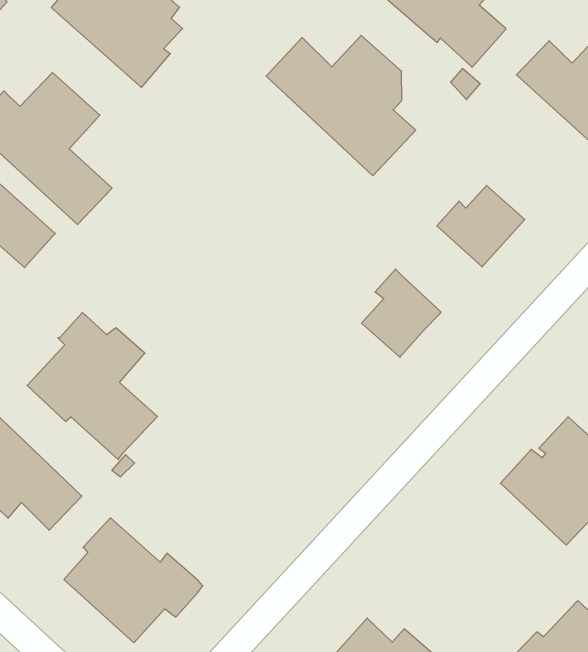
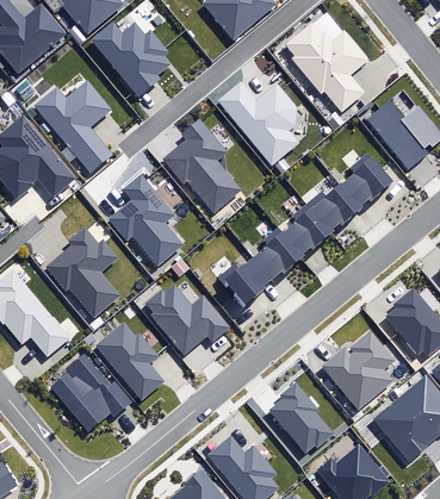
building: none -> [162,119,241,213]
building: none -> [339,157,392,208]
building: none -> [106,175,182,266]
building: none -> [280,205,329,257]
building: none -> [224,257,272,304]
building: none -> [144,285,229,355]
building: none -> [94,322,162,399]
building: none -> [268,382,334,454]

